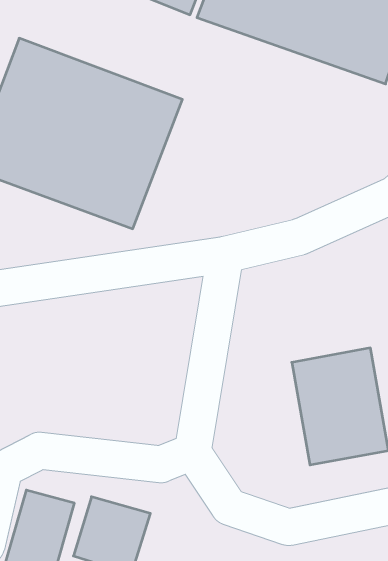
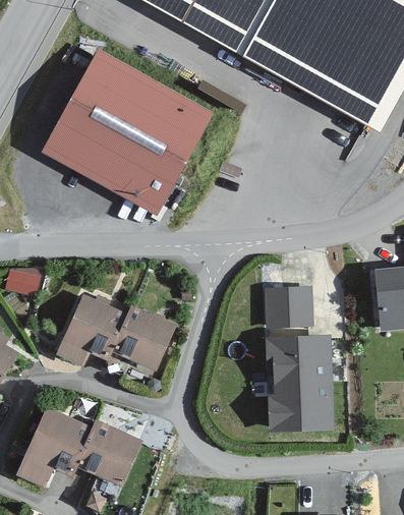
building: none -> [271,285,315,326]
building: none -> [51,291,117,367]
building: none -> [108,303,176,370]

